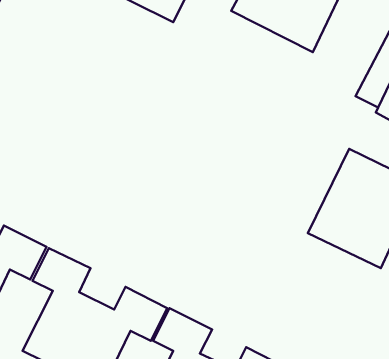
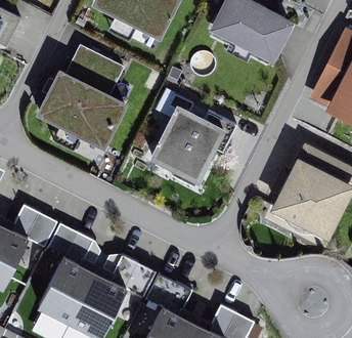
building: none -> [34,47,129,153]
building: none -> [148,105,237,185]

